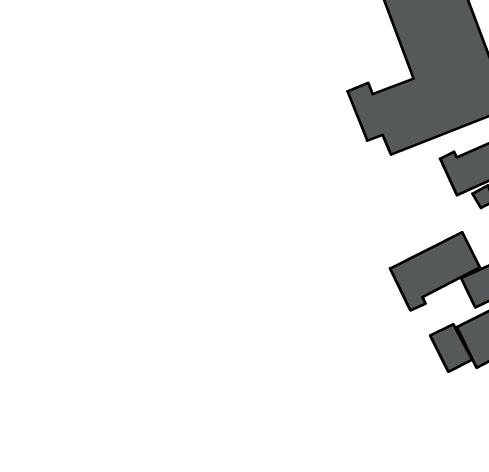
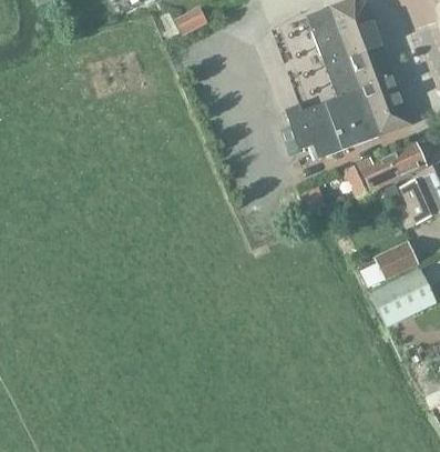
building: [390,232,480,310] -> none
building: [430,324,472,372] -> none

